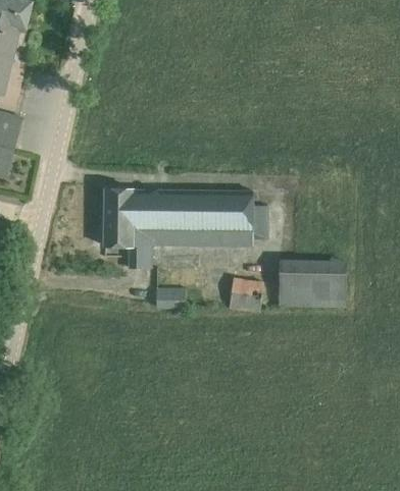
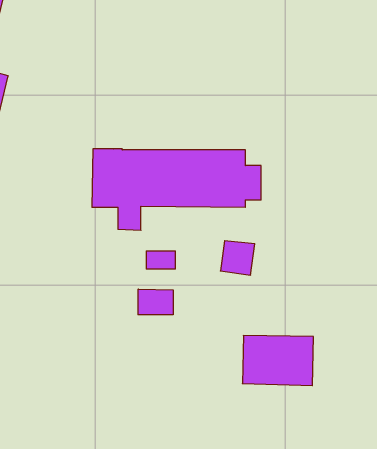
building: [279,258,348,307] -> [242,336,313,386]
building: none -> [138,289,173,315]

